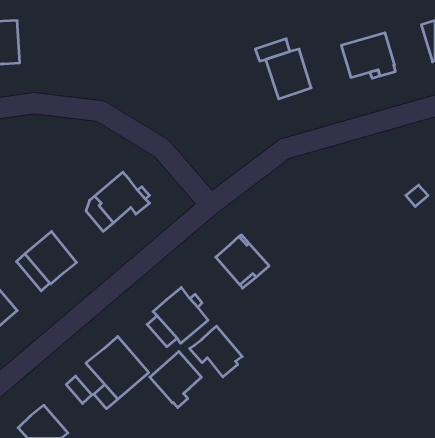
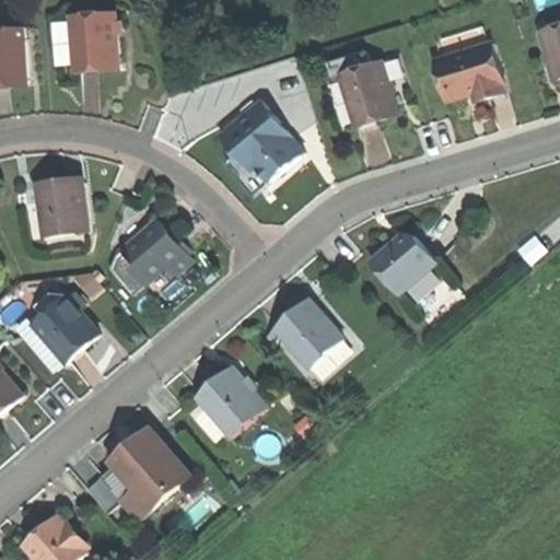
building: none -> [68,12,116,68]
building: none -> [219,100,303,180]
building: none -> [36,179,88,236]
building: none -> [369,234,434,293]
building: [190,326,242,377] -> none
building: [150,351,201,408] -> none

